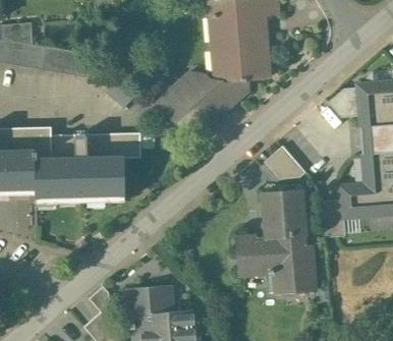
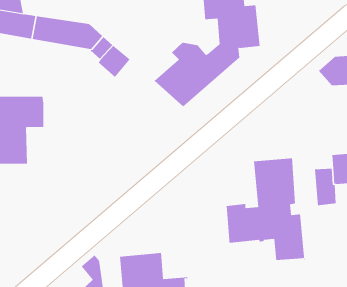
building: [35,132,141,204] -> none
building: [266,143,305,183] -> none

